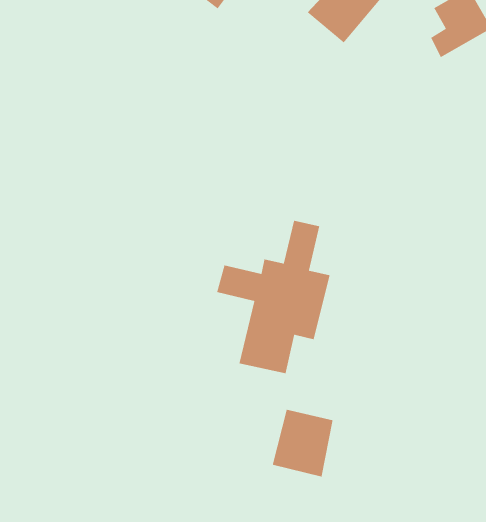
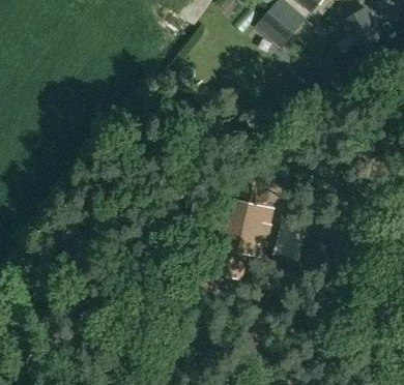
building: [272,409,333,478] -> none

